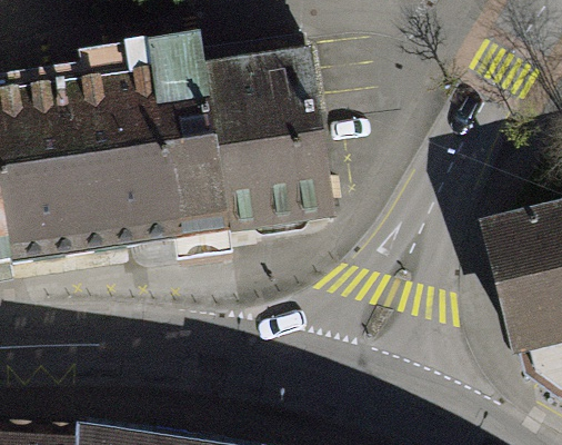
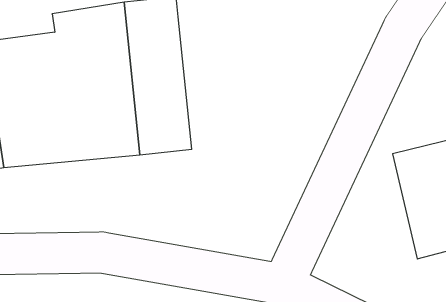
building: [221,50,328,221] -> none

